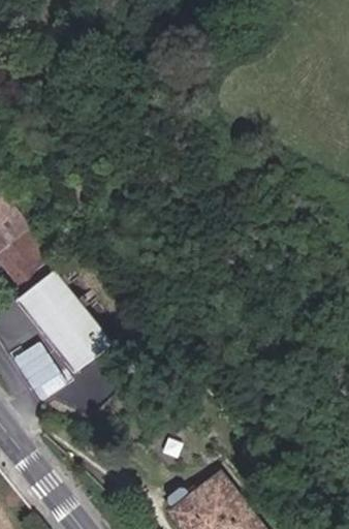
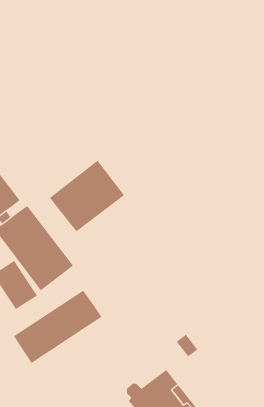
building: none -> [49,160,125,232]
building: none -> [13,290,102,364]

